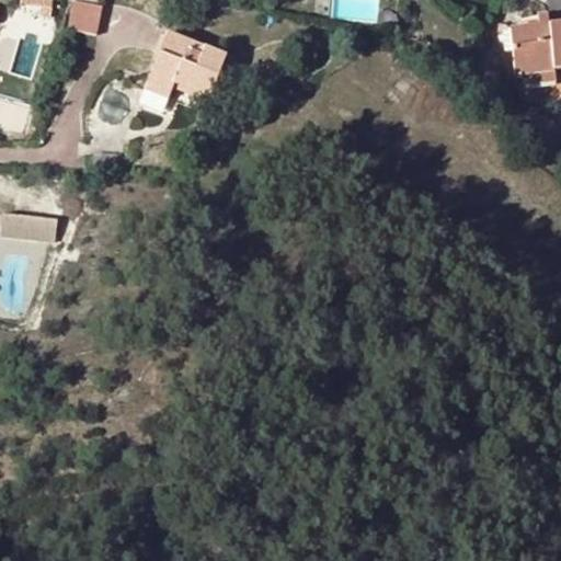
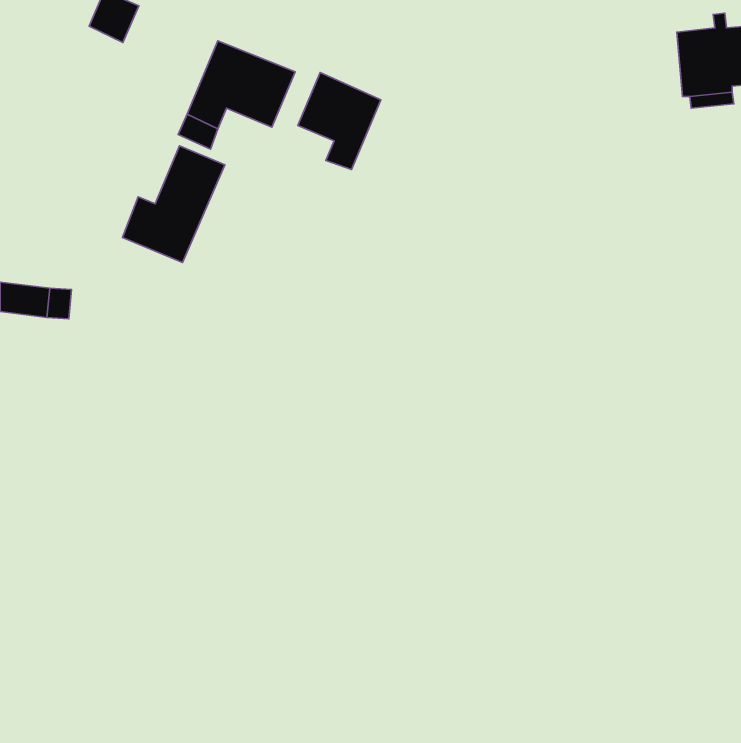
building: none -> [298,73,381,170]
building: none -> [123,146,225,262]

